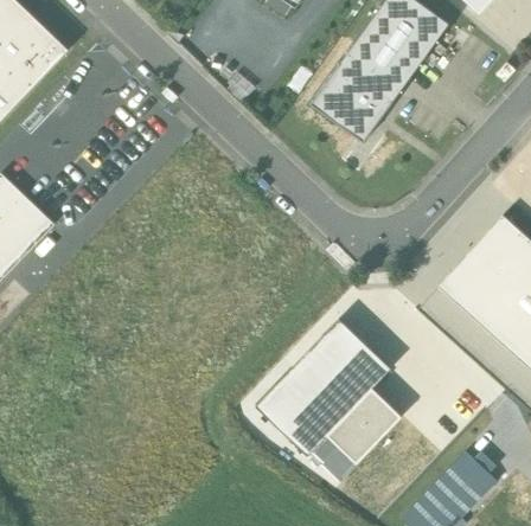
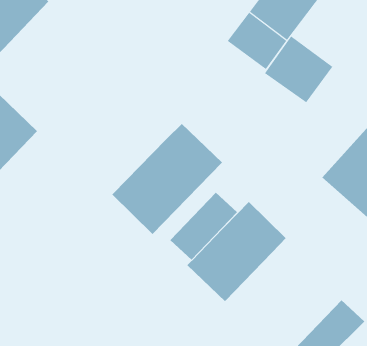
building: none -> [264,36,333,103]
building: none -> [112,123,223,235]
building: [308,389,401,481] -> [169,192,238,260]

